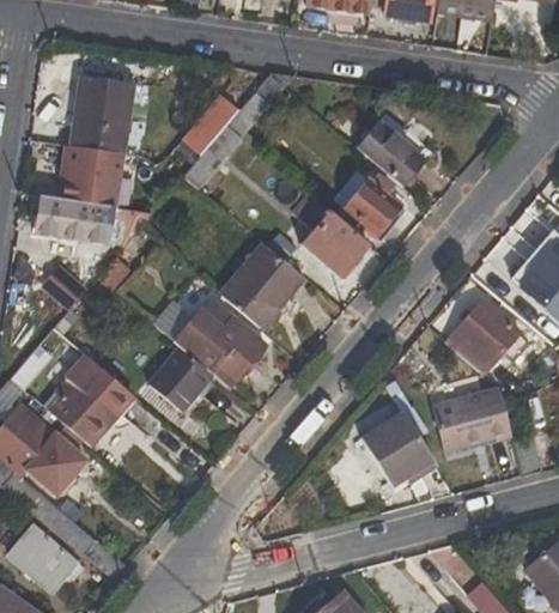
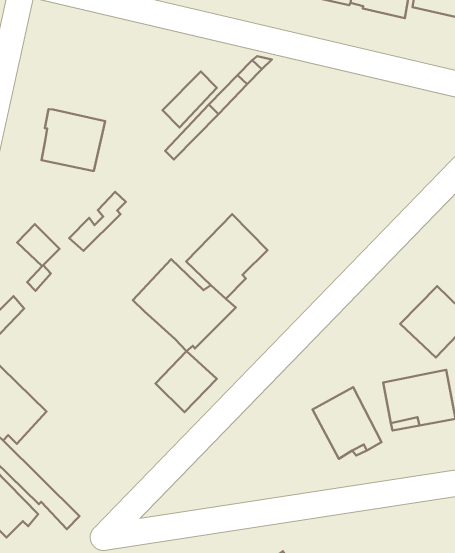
building: [69,72,134,152] -> none
building: [356,120,425,186] -> none
building: [340,174,402,238] -> none
building: [38,195,115,241] -> none
building: [300,208,369,279] -> none
building: [150,347,213,411] -> [156,351,217,412]
building: [50,356,134,445] -> none

